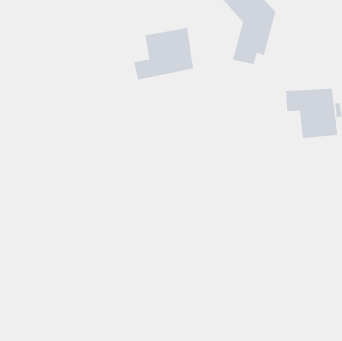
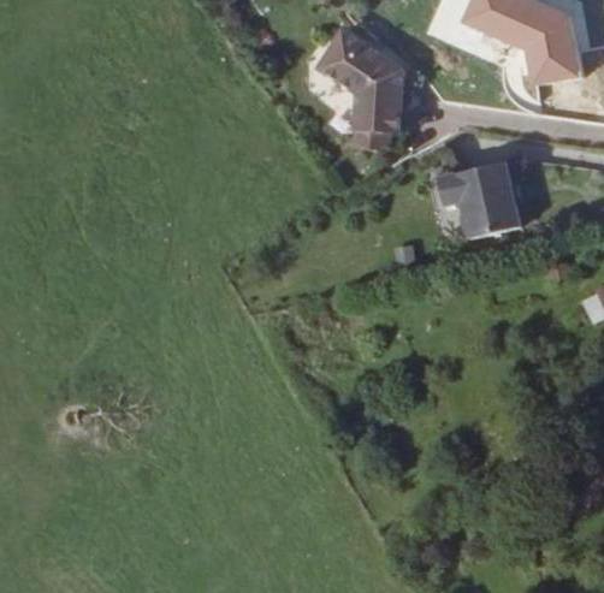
building: [133,27,194,81] -> none

